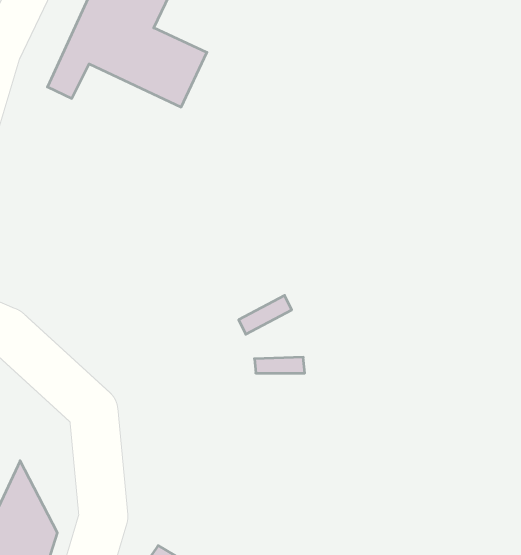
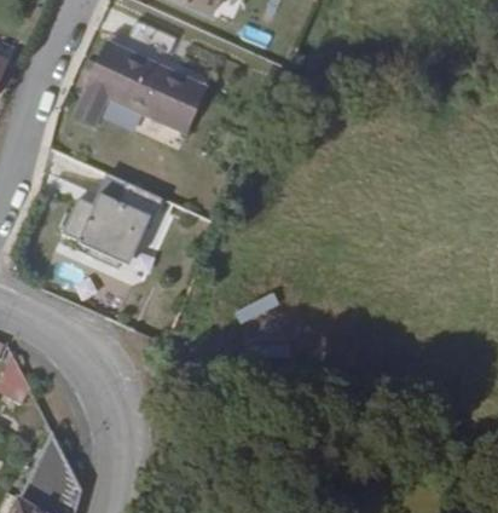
building: none -> [69,183,168,271]

